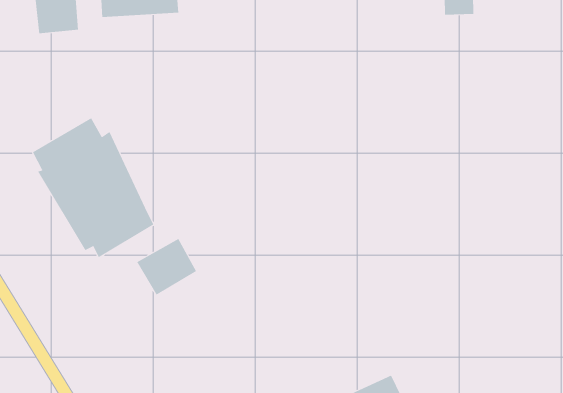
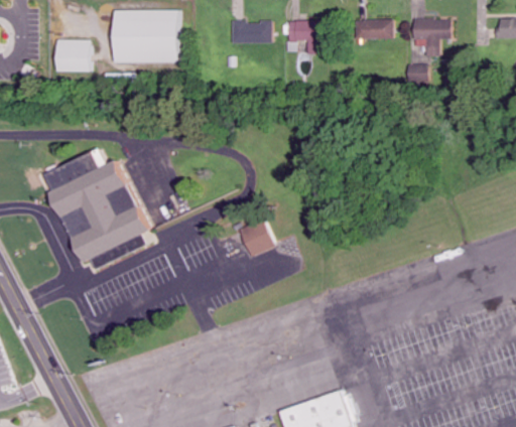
building: none -> [238,220,273,255]
building: [136,238,197,296] -> none

